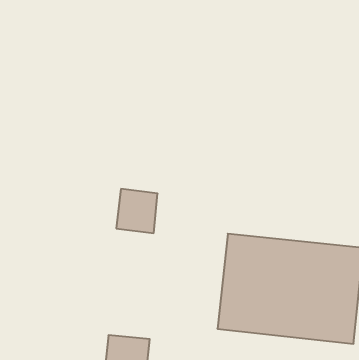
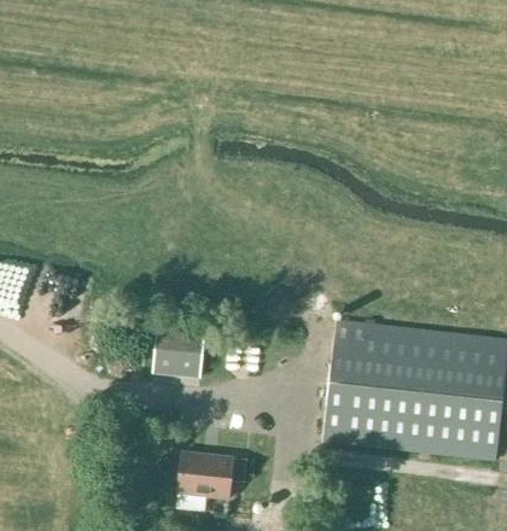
building: [116,189,158,233] -> [152,322,205,379]

